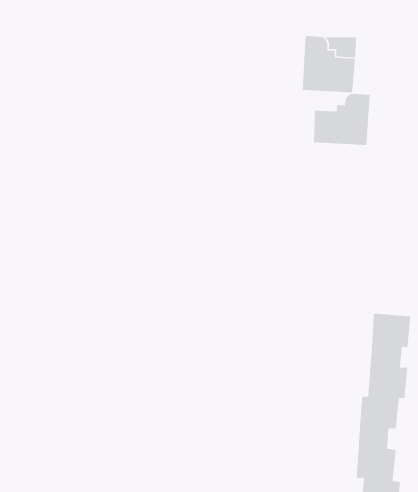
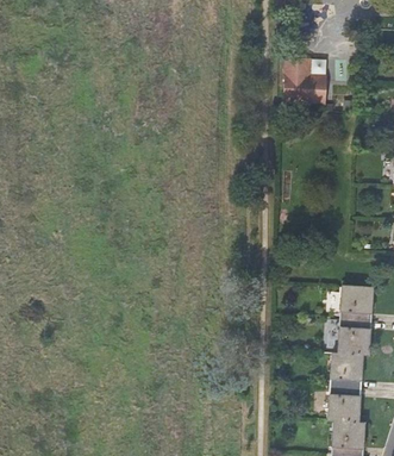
building: [313,93,371,146] -> none

